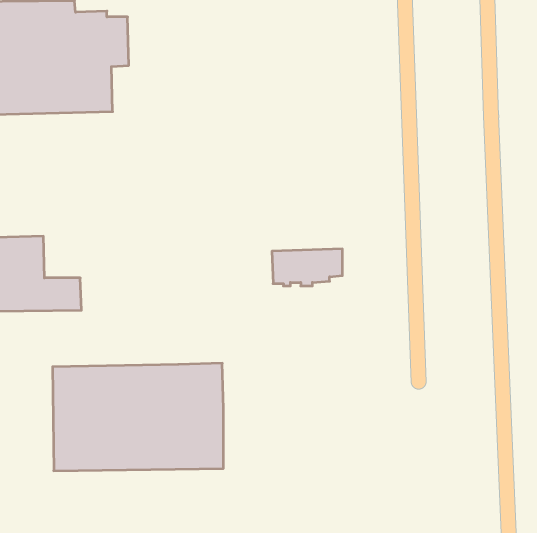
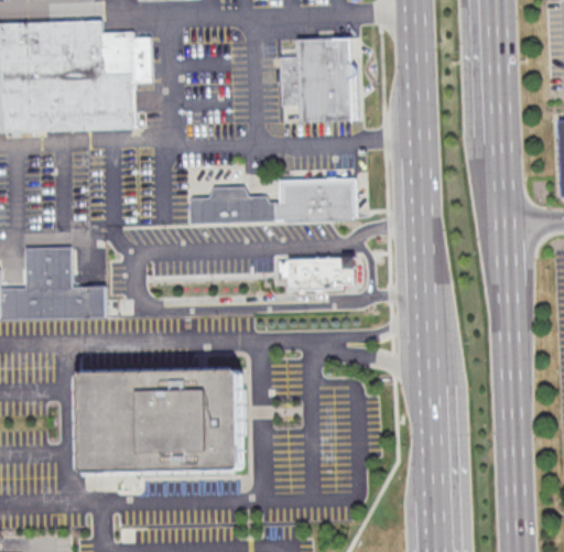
building: none -> [279,37,351,121]
building: none -> [188,178,357,226]

